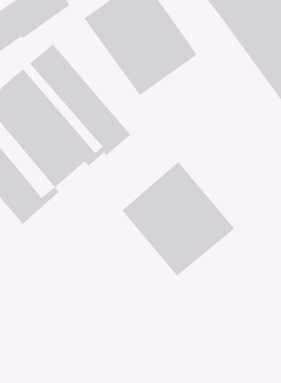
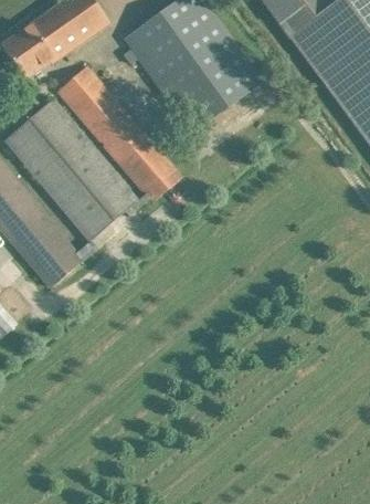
building: [121,161,235,277] -> none

